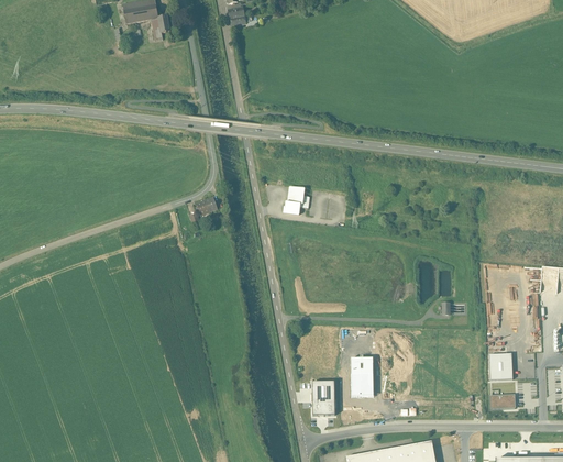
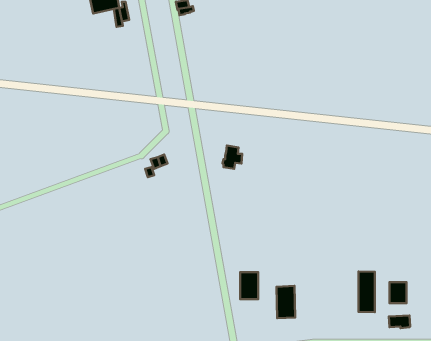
building: none -> [359,271,375,312]
building: [312,381,334,414] -> [240,272,258,299]

